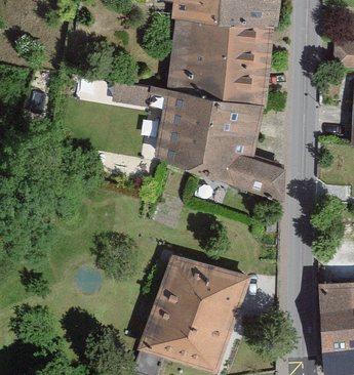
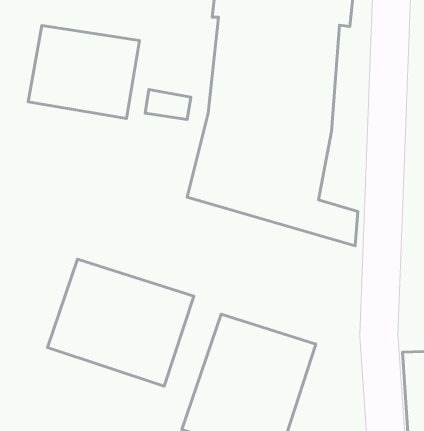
building: none -> [28,25,139,119]
building: none -> [47,259,194,386]

